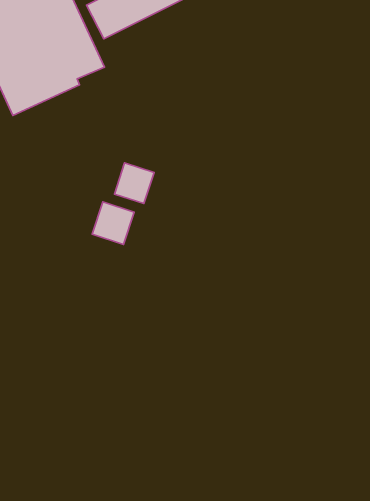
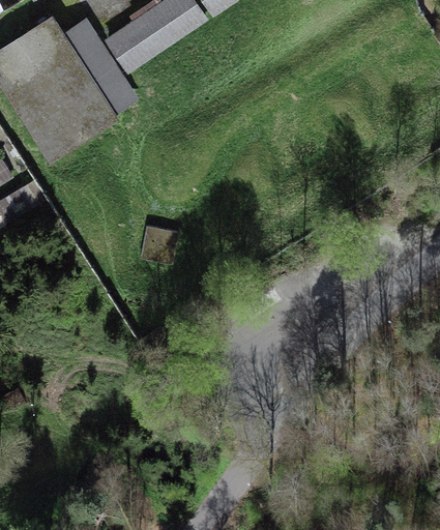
building: [114,163,154,204] -> none

